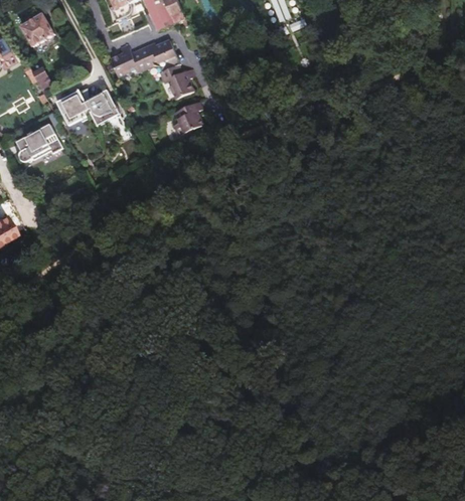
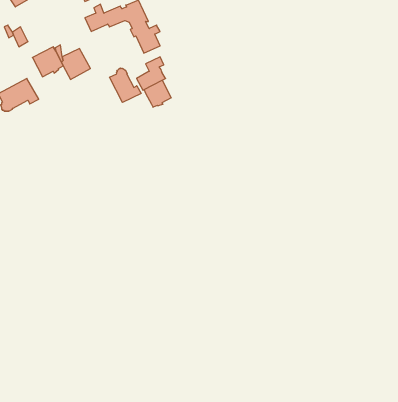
building: none -> [110,68,141,102]
building: none -> [144,80,171,107]

